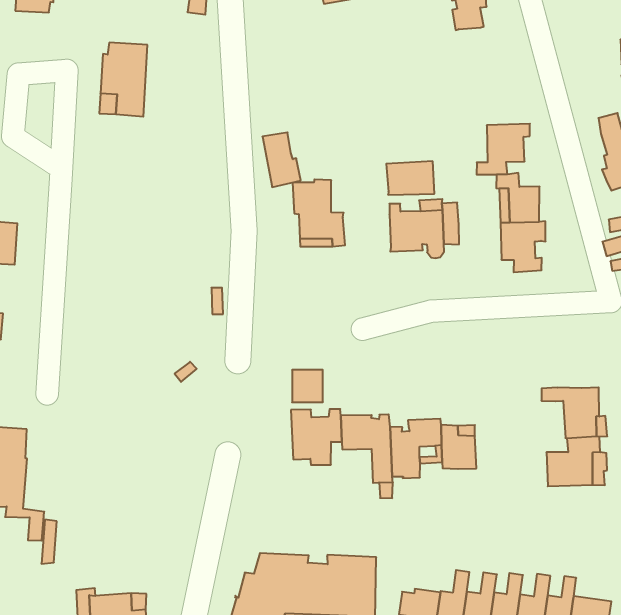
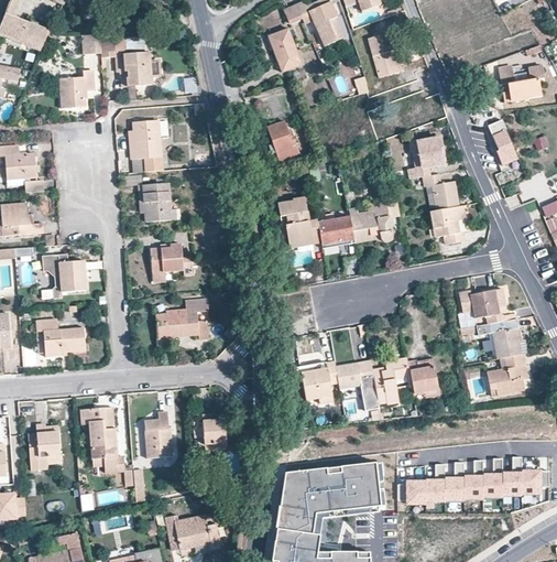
building: none -> [138,182,179,221]
building: [262,132,301,187] -> [267,121,299,162]
building: [386,161,434,195] -> [317,216,354,245]
building: none -> [150,241,194,282]
building: none -> [155,298,209,348]
building: none -> [460,288,506,323]
building: none -> [144,410,172,457]
building: none -> [193,418,227,445]

